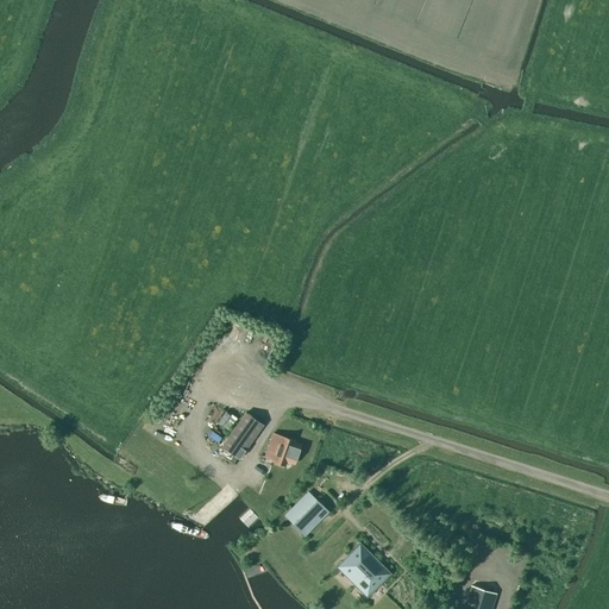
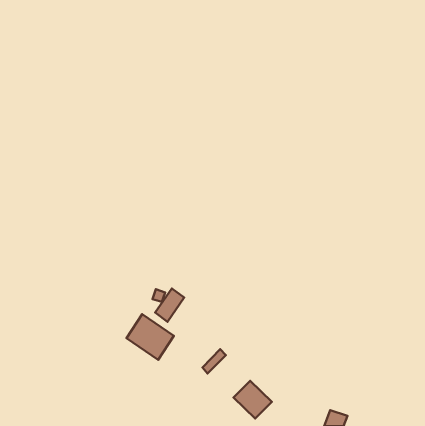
building: [266,432,303,465] -> none
building: none -> [127,314,174,360]

